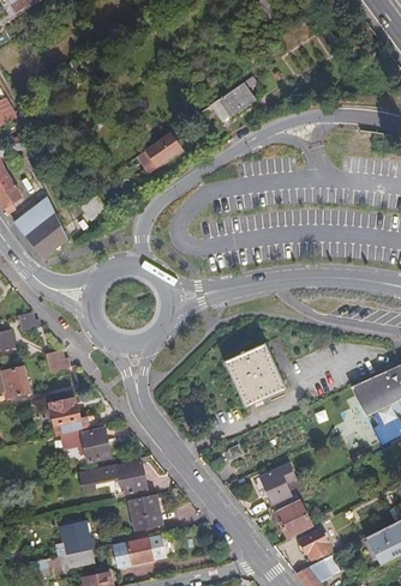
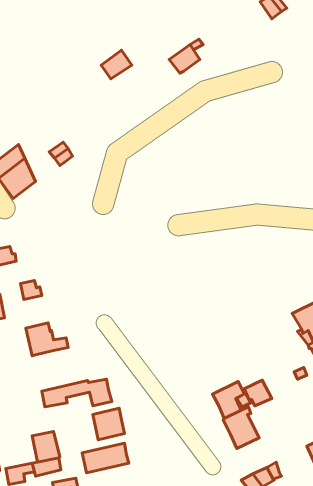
building: [142,134,176,167] -> [101,50,132,79]
building: [227,343,289,407] -> none
building: [62,429,113,461] -> none
building: [303,530,334,558] -> [244,380,272,406]

